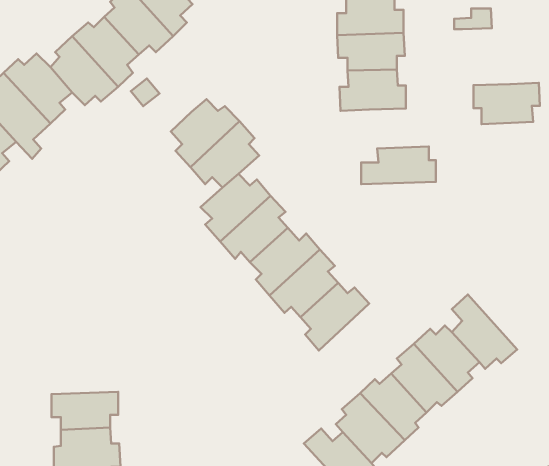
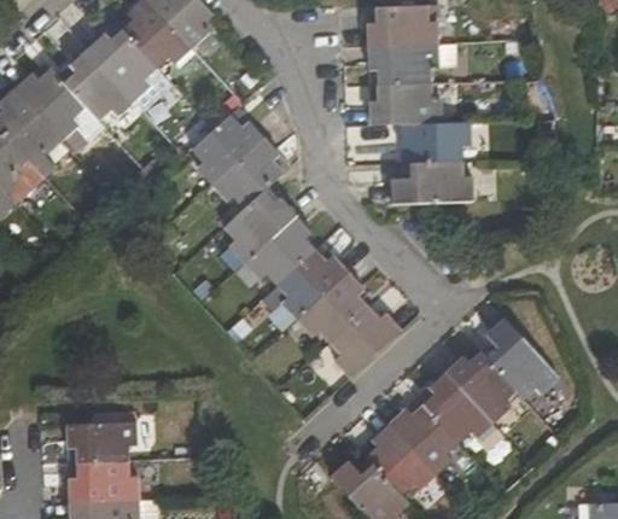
building: [473,83,540,124] -> [401,122,471,165]

